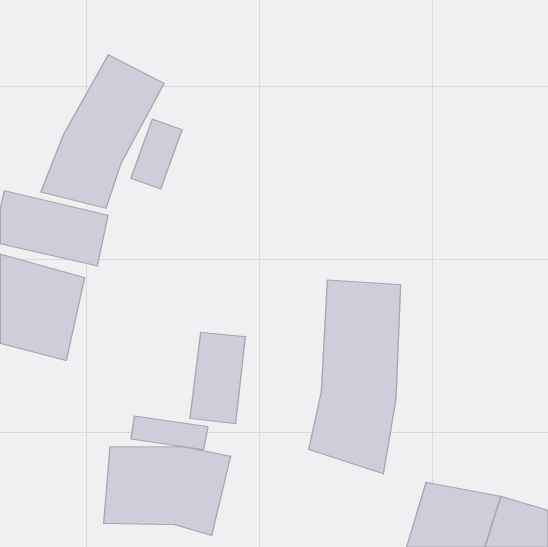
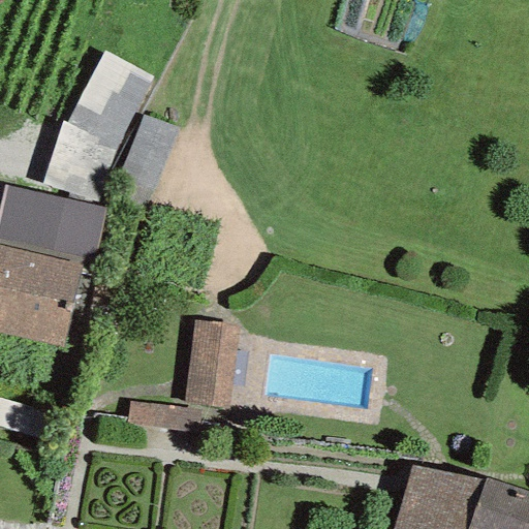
building: [309,280,400,474] -> none
building: [104,446,231,536] -> none

